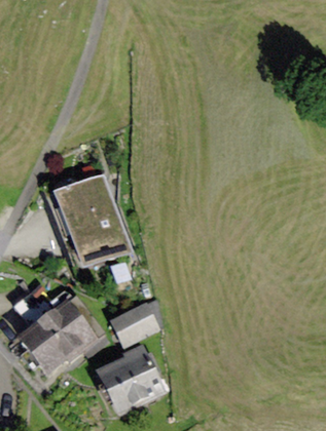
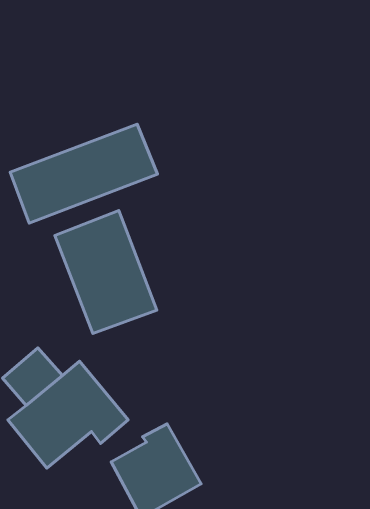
building: none -> [10,124,158,223]
building: [109,293,159,347] -> none

